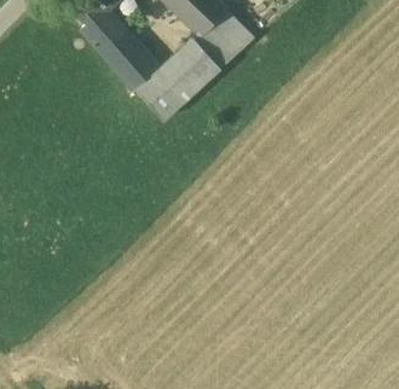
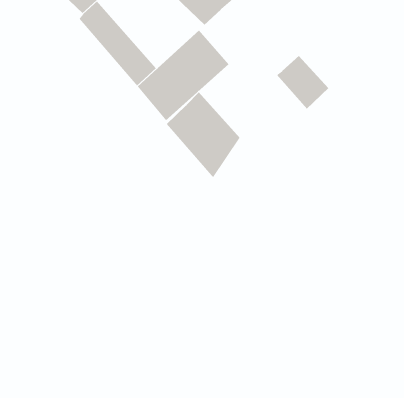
building: [196,18,244,68] -> [276,55,329,109]
building: none -> [166,91,241,178]

